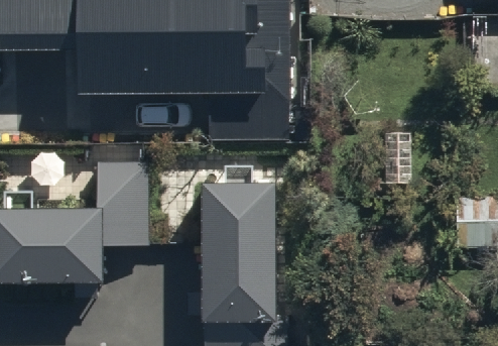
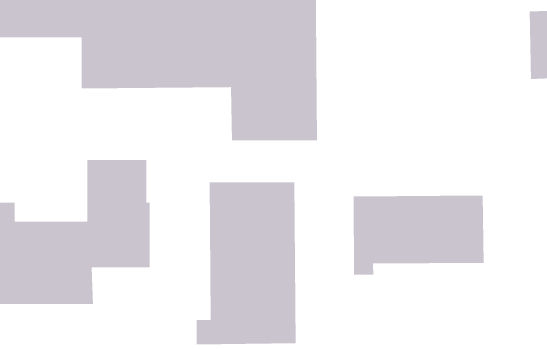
building: none -> [353,195,484,276]

